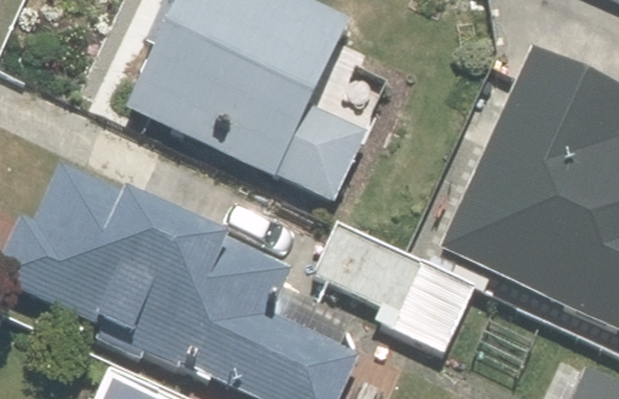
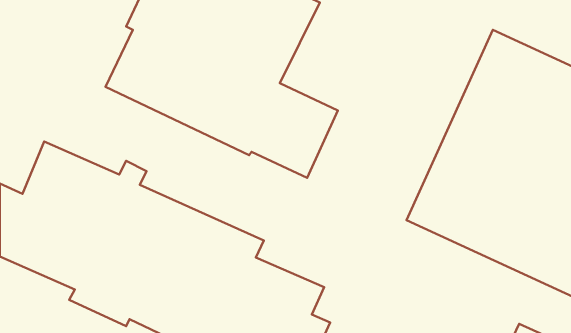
building: [313,222,479,353] -> none

